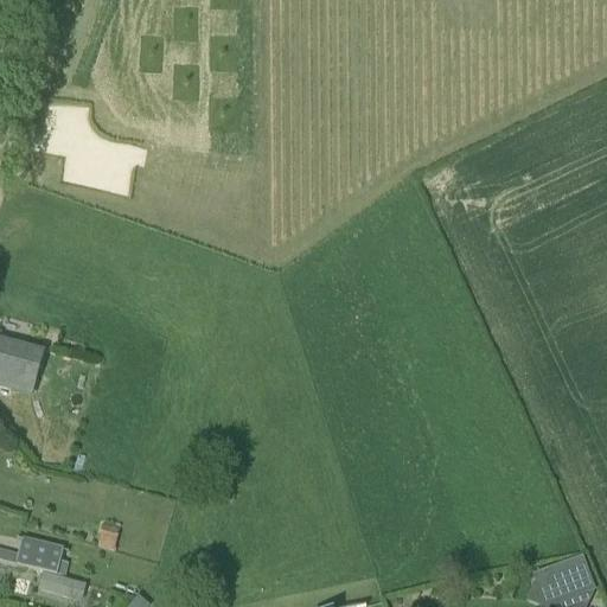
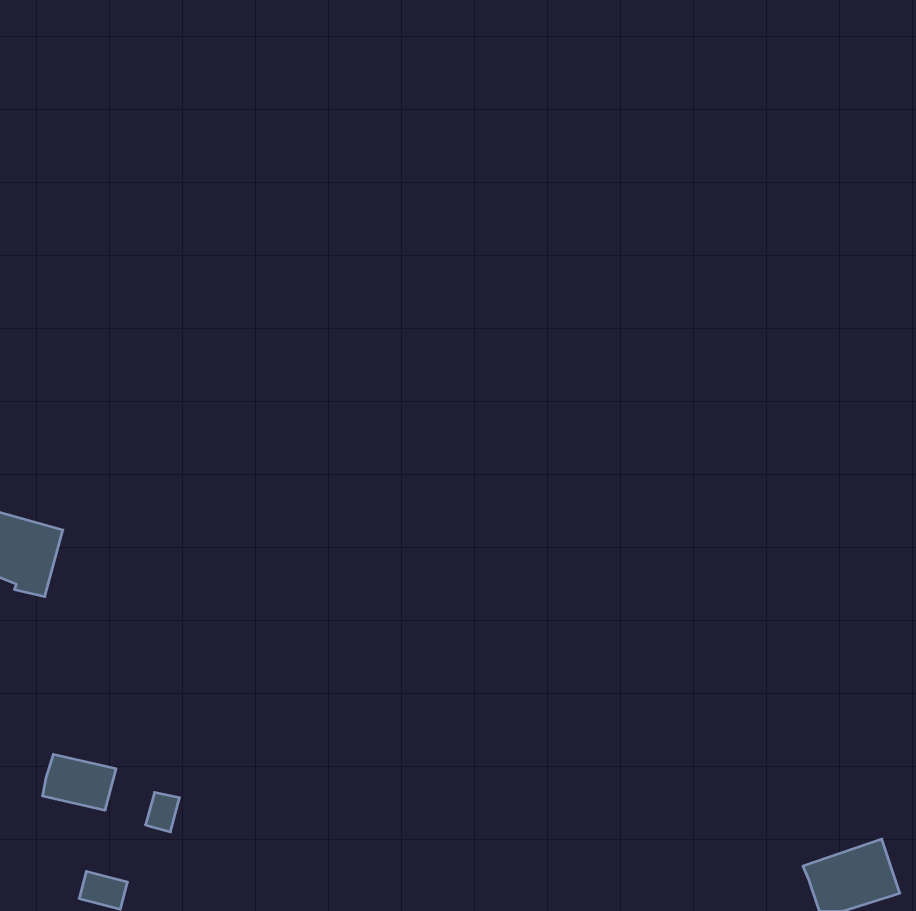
building: [14,536,63,573] -> [42,754,116,810]

